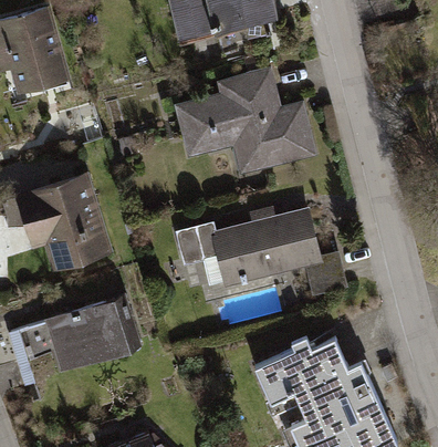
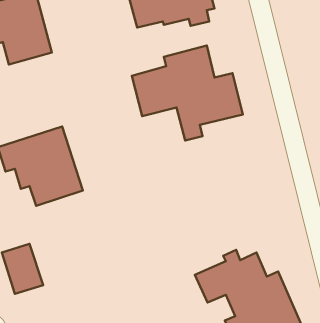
building: [175,208,346,297] -> none
building: [42,297,139,375] -> none

